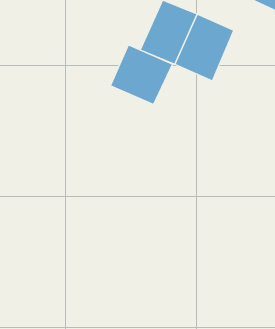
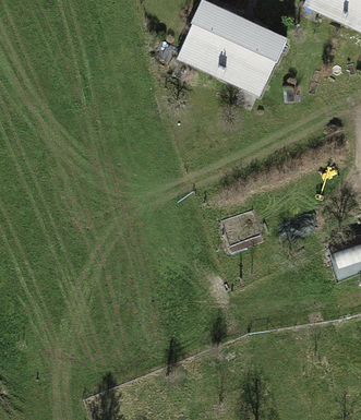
building: [110,45,173,105] -> none

